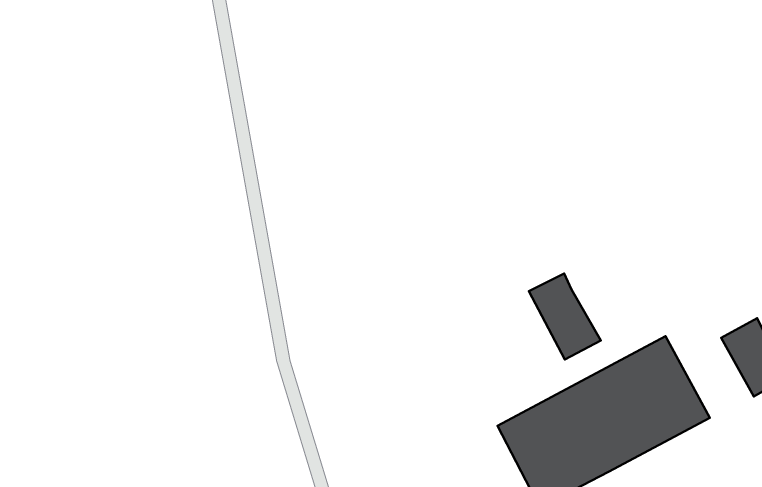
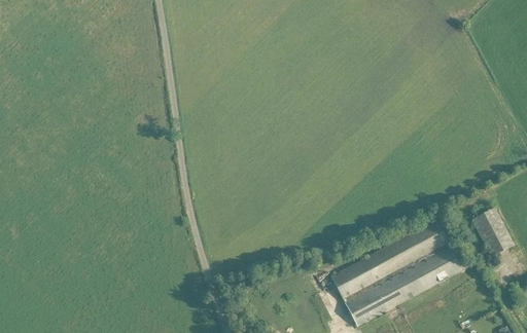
building: [529,274,601,360] -> none

